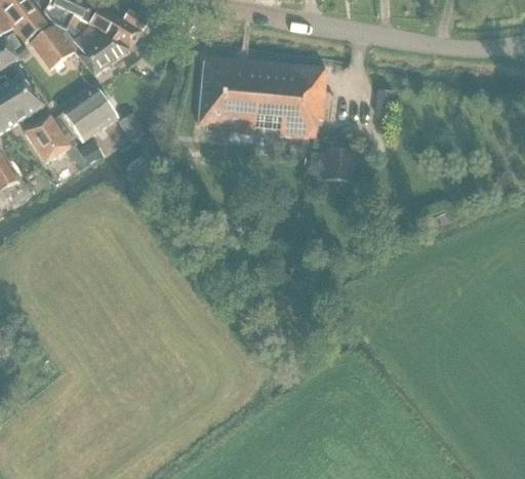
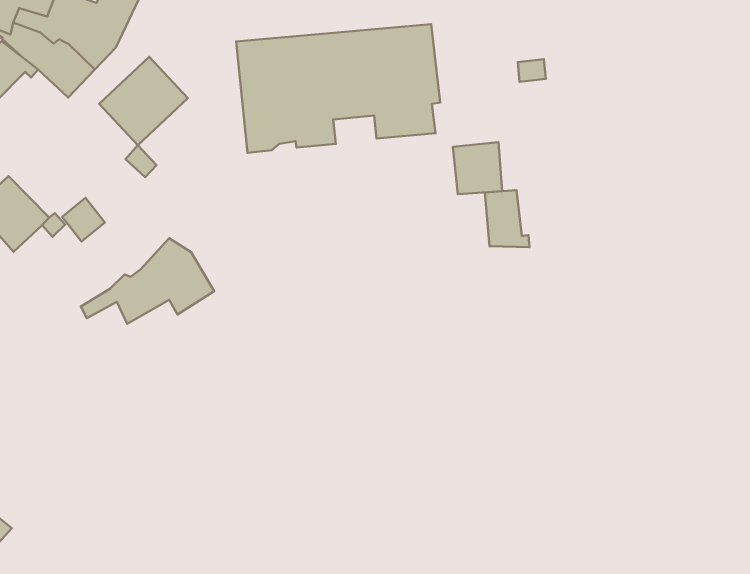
building: [62,87,117,141] -> [99,57,188,145]
building: none -> [81,238,214,324]
building: none -> [485,190,529,247]

